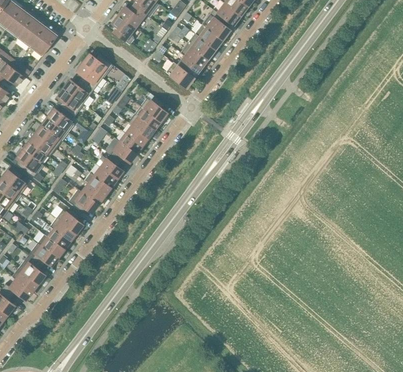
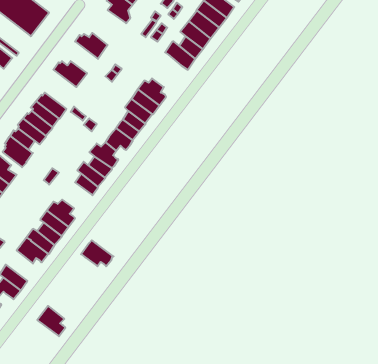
building: [77,62,103,91] -> none
building: [57,88,83,117] -> none
building: [68,189,98,213] -> [81,240,114,266]
building: [18,255,44,283] -> [37,306,65,336]

